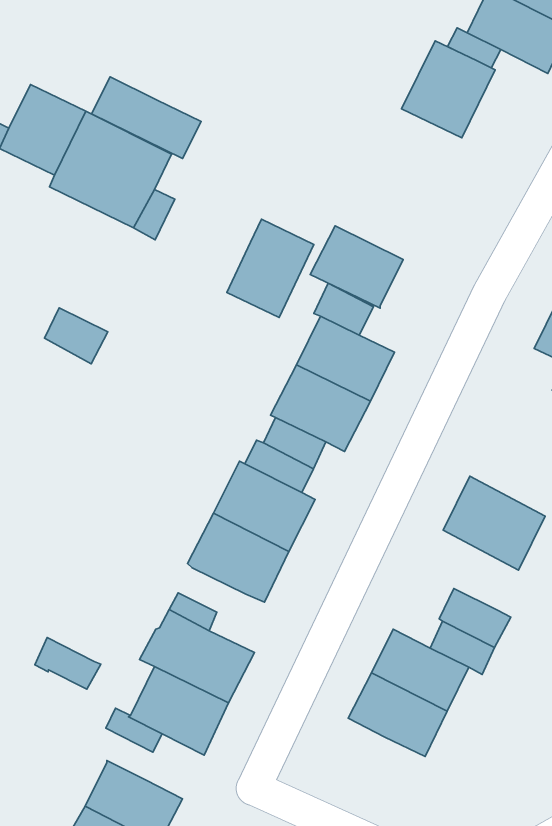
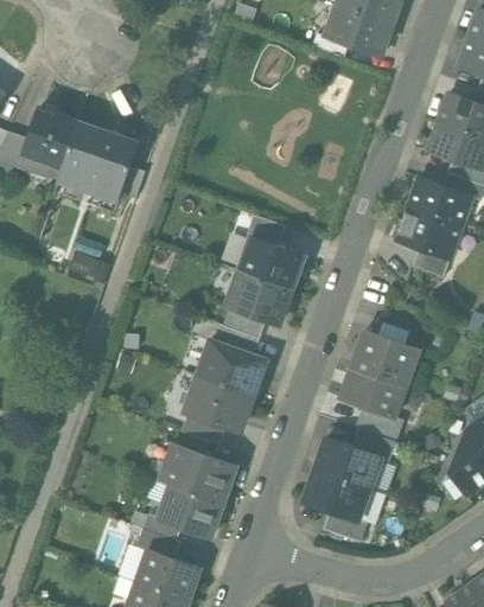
building: [402,41,495,138] -> none
building: [91,77,201,159] -> none
building: [227,219,314,318] -> none
building: [310,226,403,308] -> none
building: none -> [339,369,403,417]
building: none -> [179,415,224,446]
building: [35,638,101,689] -> [136,529,180,560]
building: none -> [321,511,365,543]

